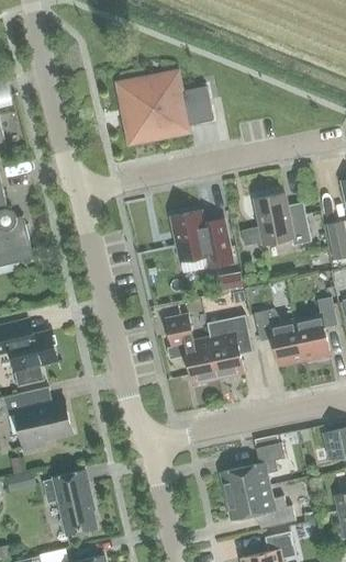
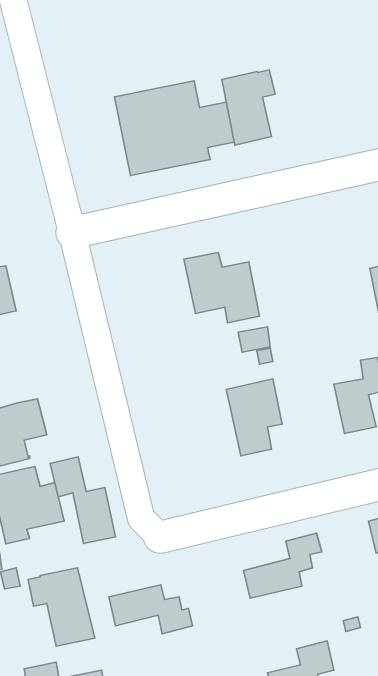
building: none -> [222,70,275,145]
building: [254,193,310,246] -> none
building: [253,310,303,366] -> none
building: [164,313,217,384] -> [50,457,115,543]
building: [225,486,294,527] -> [109,585,193,634]

